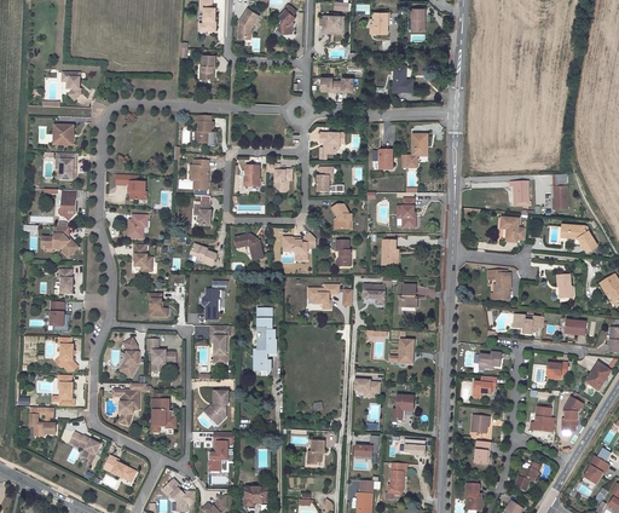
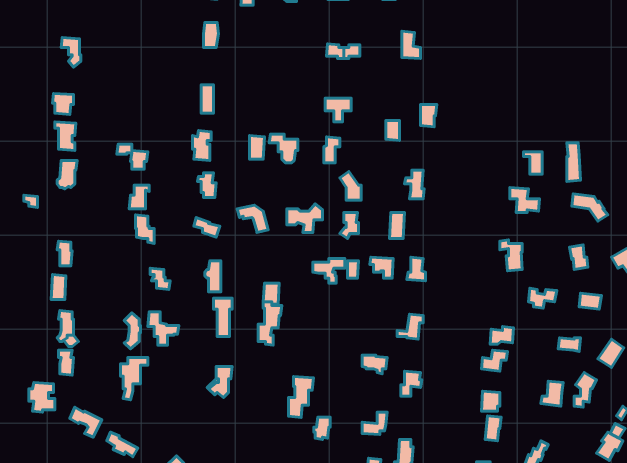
building: [41,226,76,256] -> none
building: [151,392,174,430] -> none
building: [207,431,231,471] -> [289,377,313,417]

